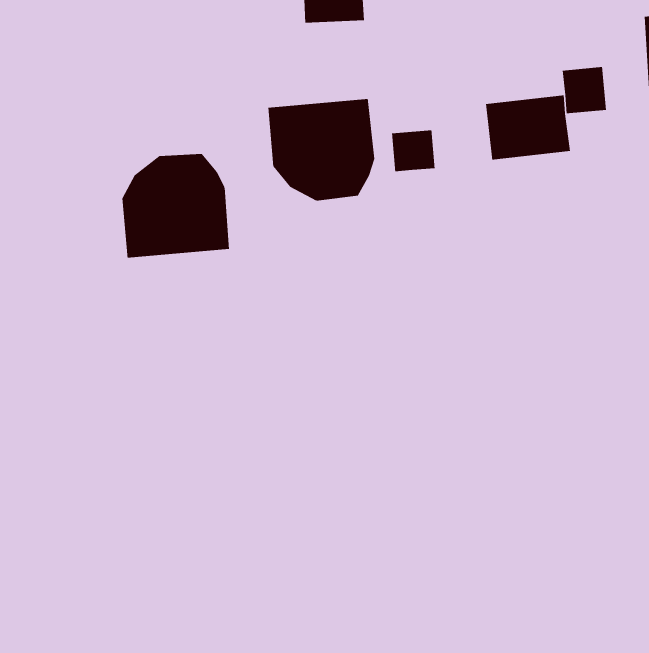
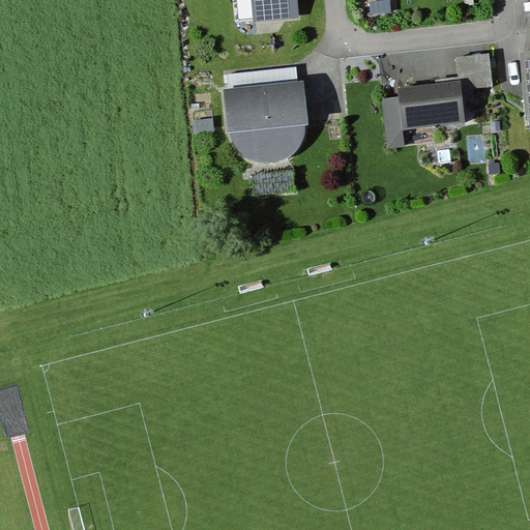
building: [392,129,435,172] -> none
building: [122,153,229,258] -> none

